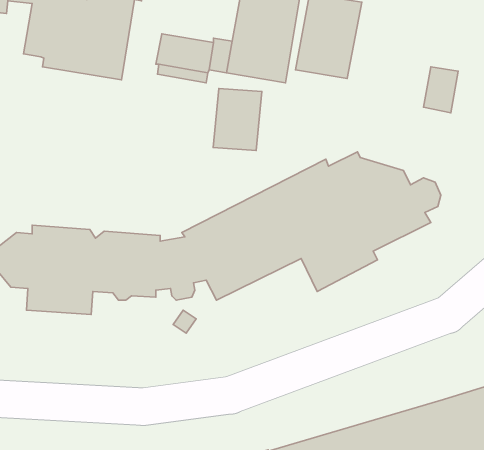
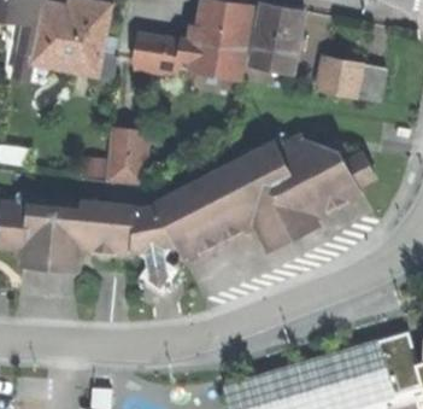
building: none -> [316,54,362,97]
building: [213,89,262,150] -> [105,130,146,182]

